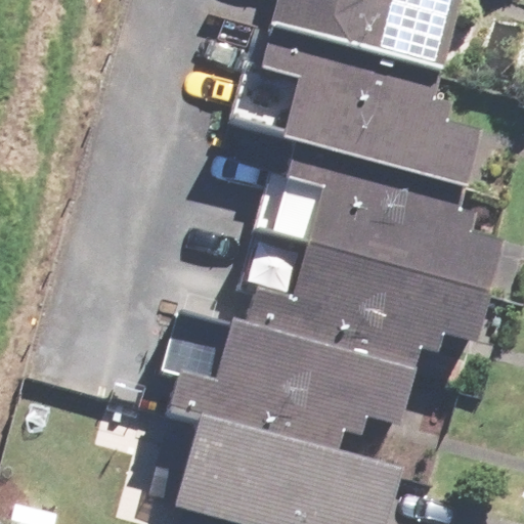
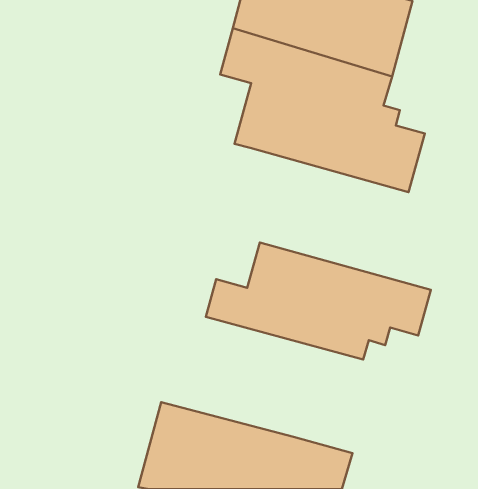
building: [272,157,487,307] -> none
building: [159,332,401,463] -> none

